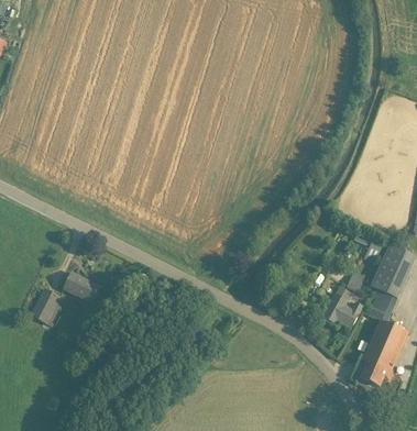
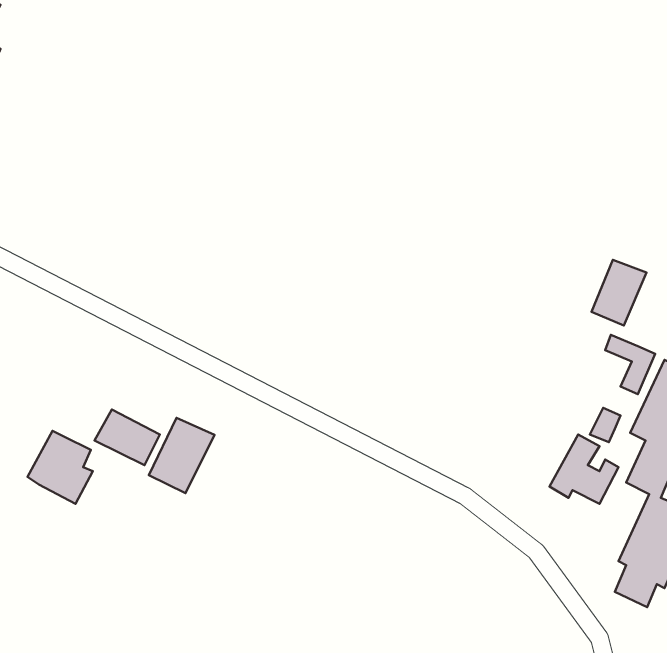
building: none -> [592,260,647,325]
building: none -> [149,418,215,493]

